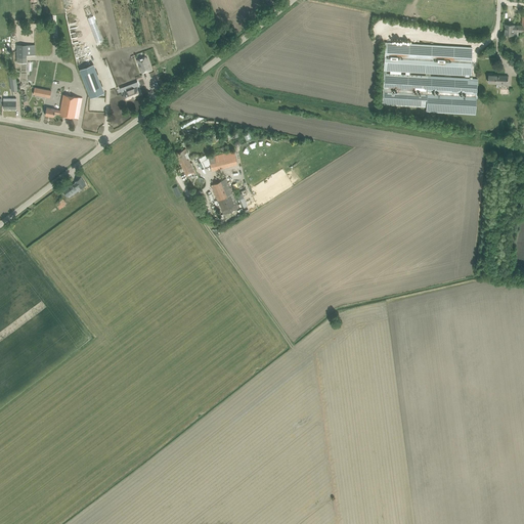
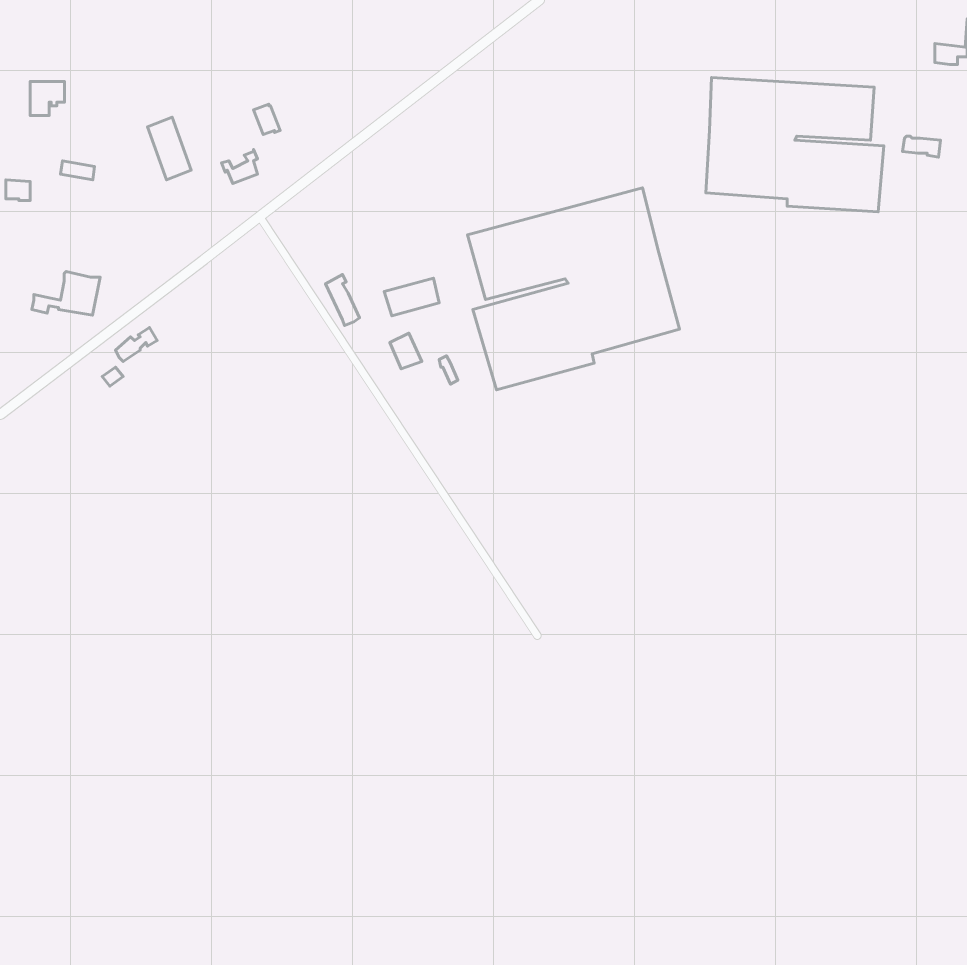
building: [45,95,82,119] -> [32,272,100,315]
building: none -> [467,188,679,390]

